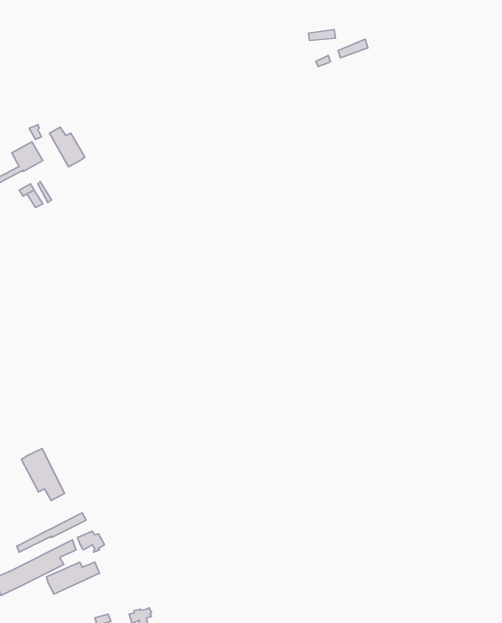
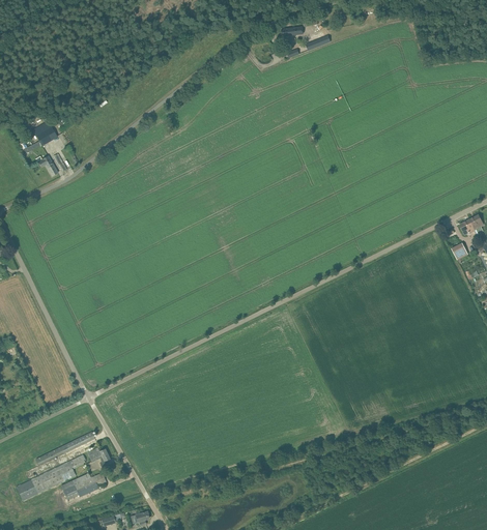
building: [50,127,85,167] -> none
building: [22,449,65,500] -> none

